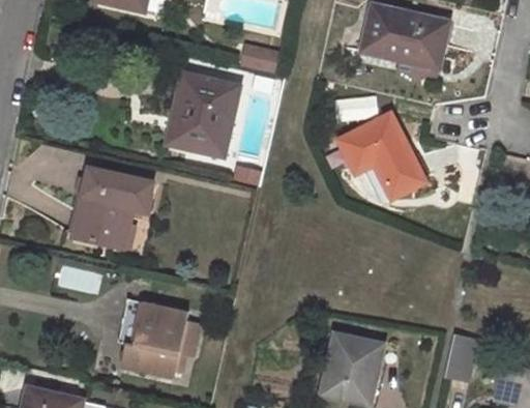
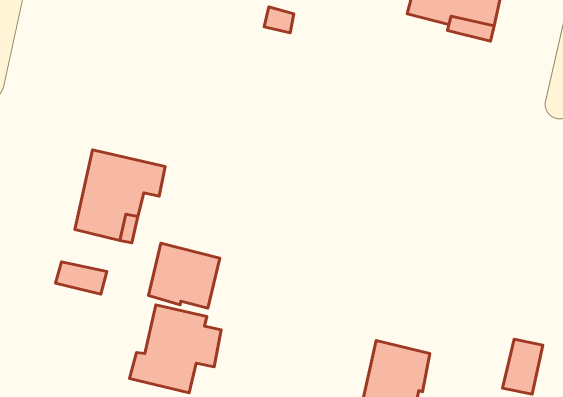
building: [174,74,240,157] -> none
building: [341,117,422,197] -> none
building: none -> [149,243,220,308]

